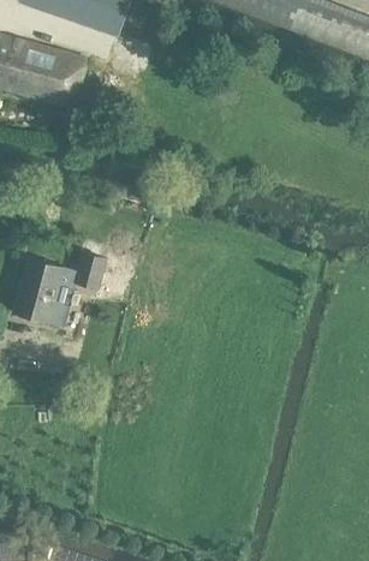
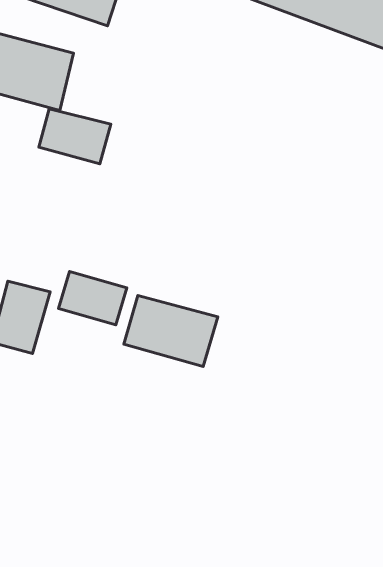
building: none -> [39,109,111,164]
building: none -> [124,296,218,367]

